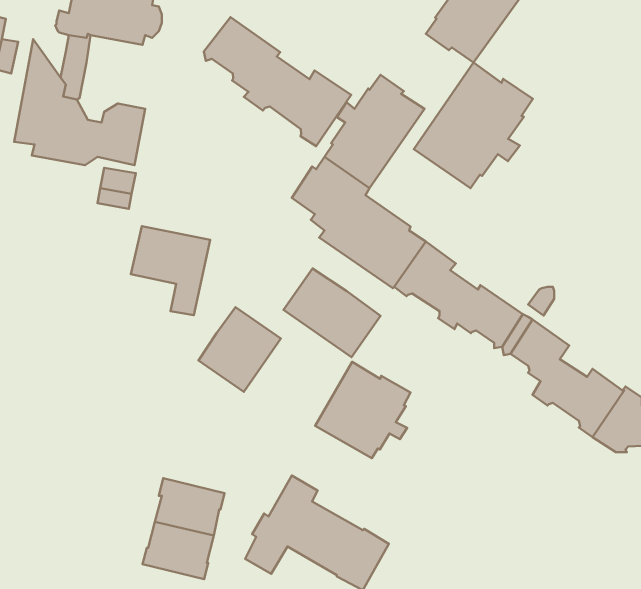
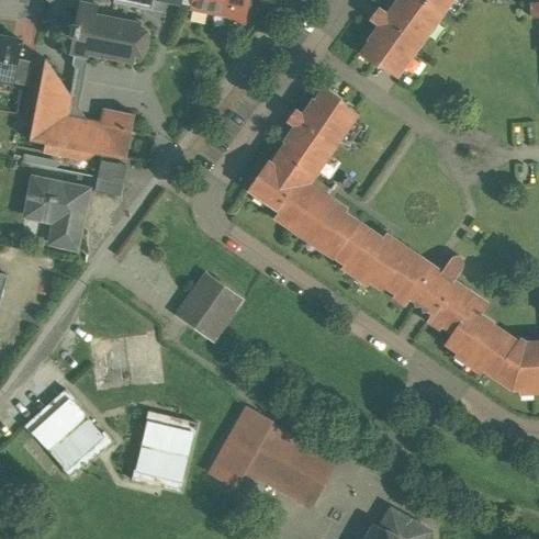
building: [204,17,351,146] -> none
building: [414,62,533,188] -> none
building: [131,226,210,315] -> [26,178,90,249]
building: [284,268,380,357] -> none
building: [315,362,410,458] -> none
building: none -> [24,389,113,479]

